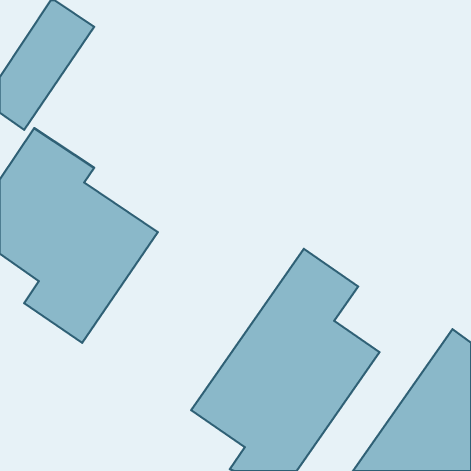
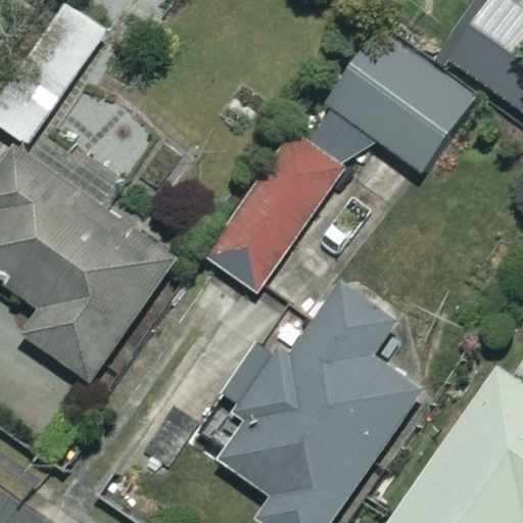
building: none -> [323,28,471,170]
building: none -> [208,136,347,295]

